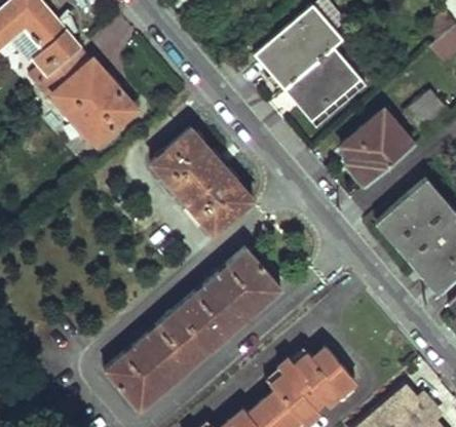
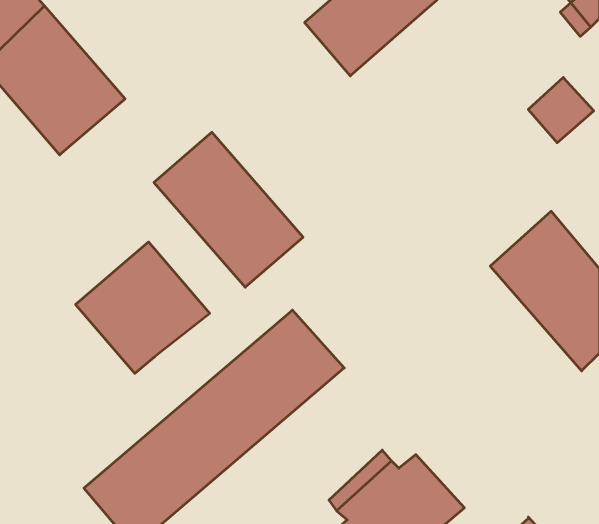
building: [284,46,368,127] -> none
building: [336,111,412,185] -> none
building: none -> [76,242,210,373]

